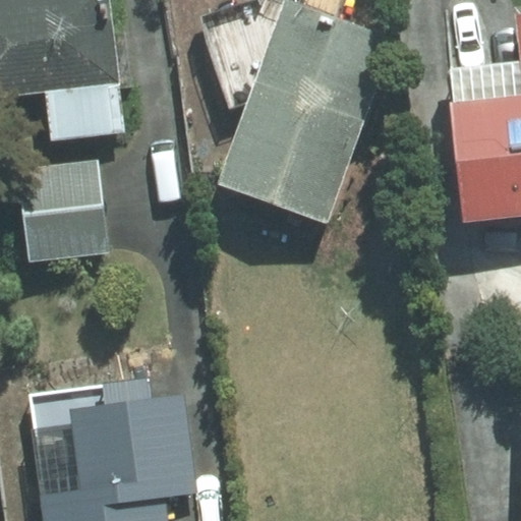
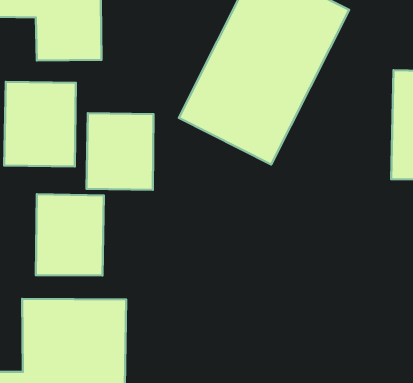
building: none -> [87,113,153,190]
building: none -> [36,194,104,275]

